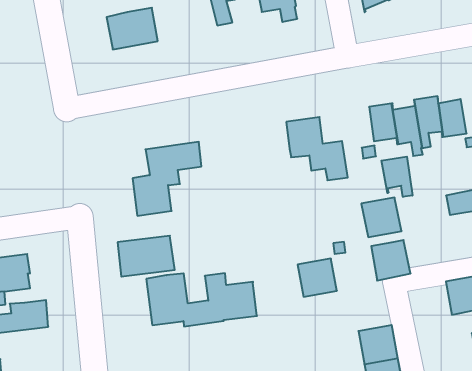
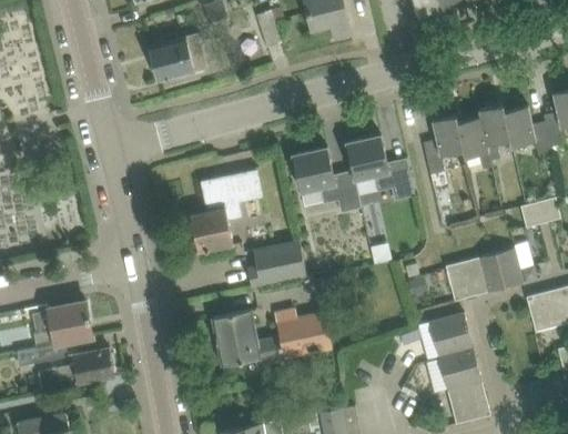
building: none -> [292,148,361,213]
building: [381,157,412,197] -> none
building: [361,198,402,237] -> [478,249,523,292]
building: [118,236,175,277] -> [244,241,306,287]
building: [298,259,337,297] -> [429,314,473,356]

